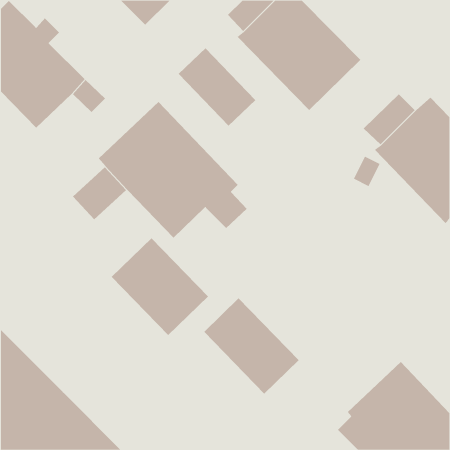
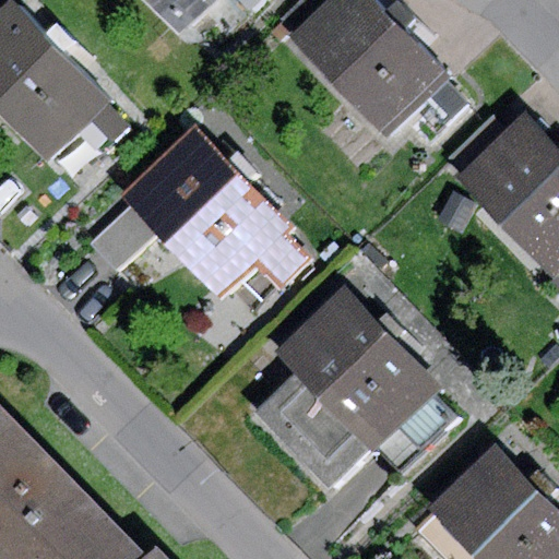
building: [178,47,256,127] -> none
building: none -> [280,289,441,451]
building: [111,237,209,336] -> none

